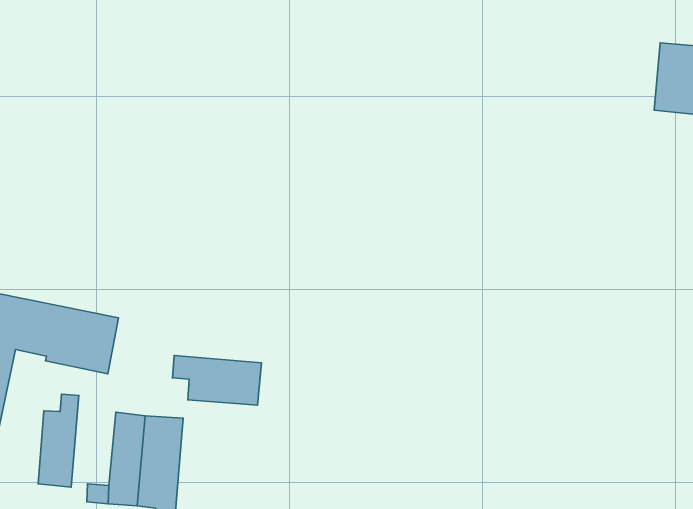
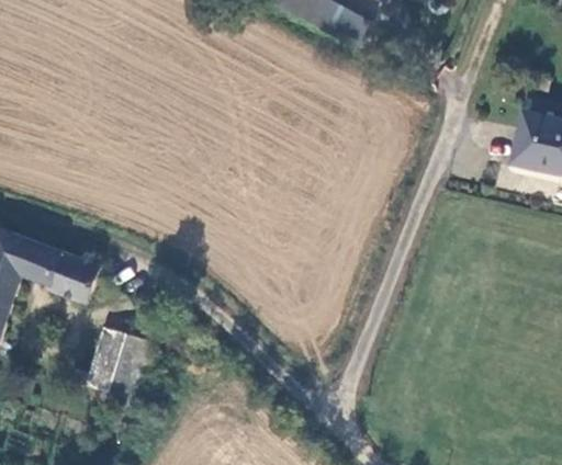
building: [173,356,262,405] -> none
building: [38,394,79,487] -> none

